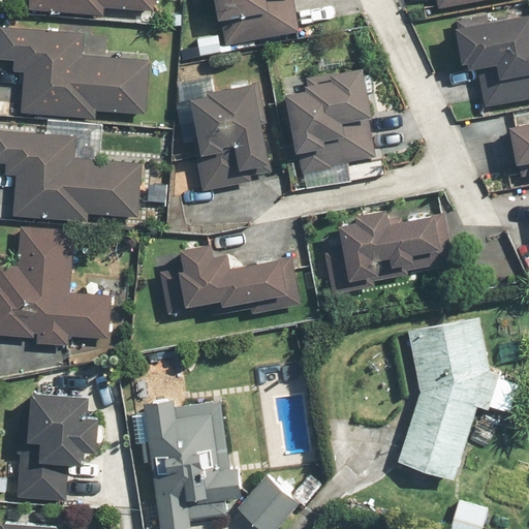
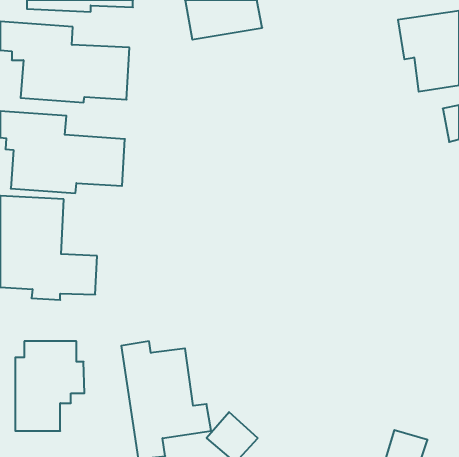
building: [285,67,376,175] -> none
building: [176,85,267,191] -> none
building: [322,210,443,298] -> none
building: [157,241,287,312] -> none
building: [397,317,517,480] -> none

